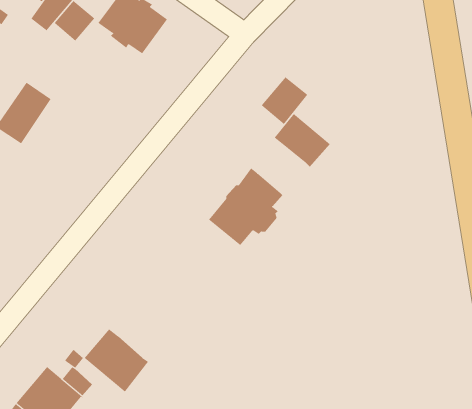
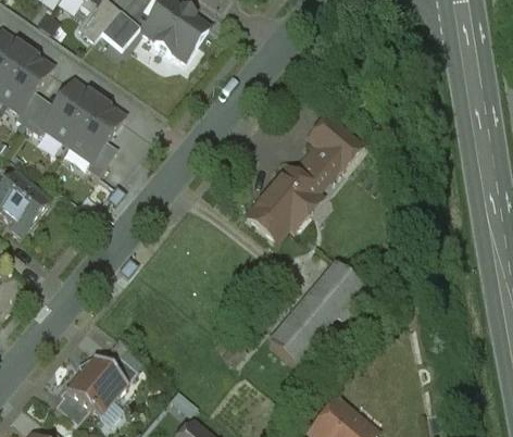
building: [261,76,308,125] -> [292,145,337,190]
building: none -> [70,102,123,162]
building: none -> [268,262,362,363]
building: [84,328,149,392] -> none

